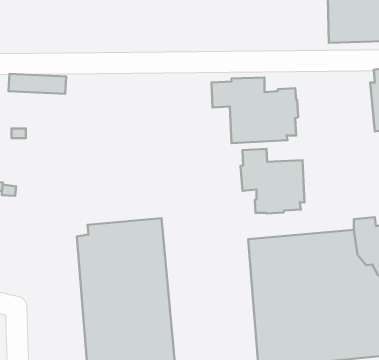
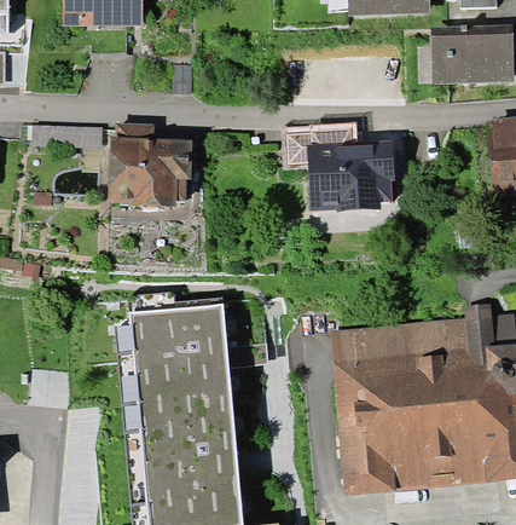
building: none -> [110,123,192,206]
building: [240,149,305,213] -> none

